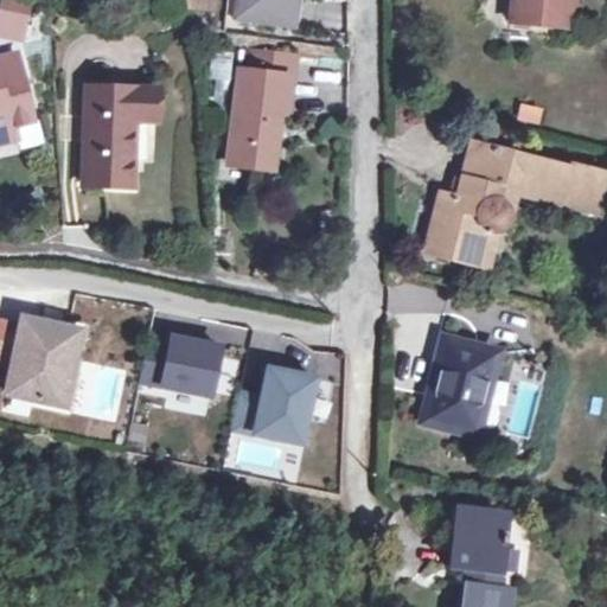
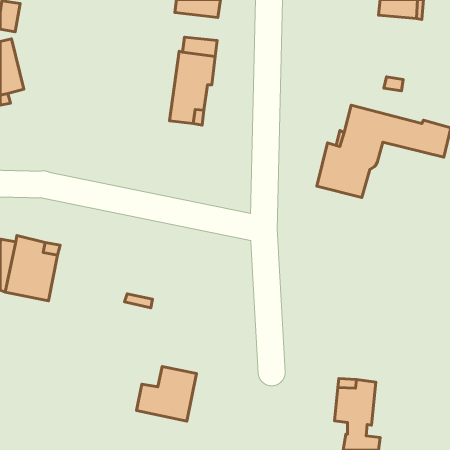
building: [85,85,160,185] -> none
building: [142,337,217,395] -> none
building: [423,339,498,433] -> none
building: [235,372,315,446] -> [137,367,197,421]

